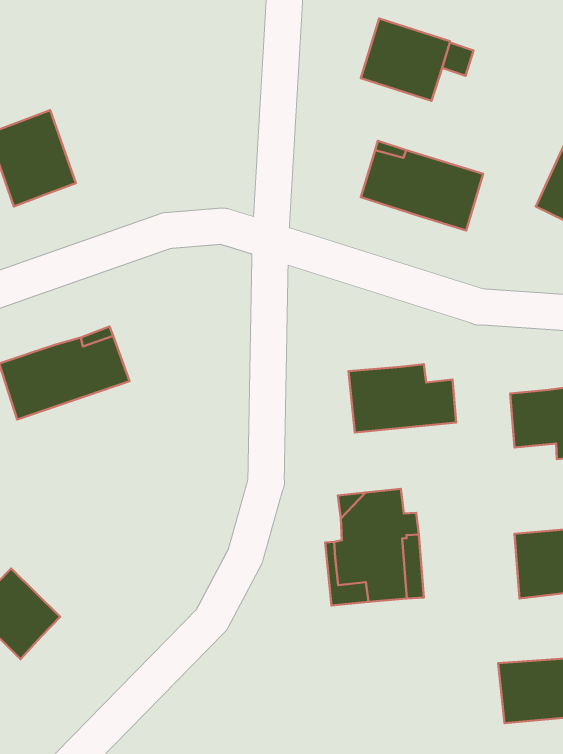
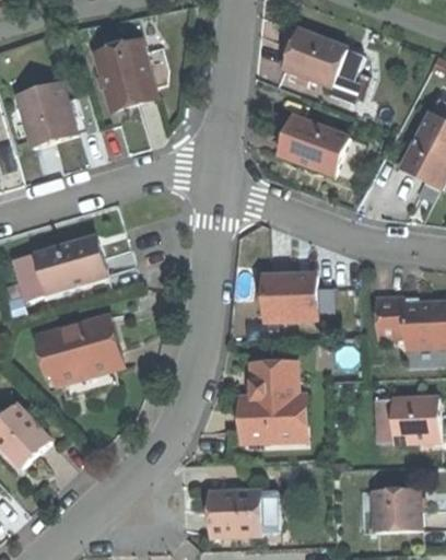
building: none -> [96,42,160,109]
building: none -> [36,316,118,397]
building: none -> [209,489,278,535]

